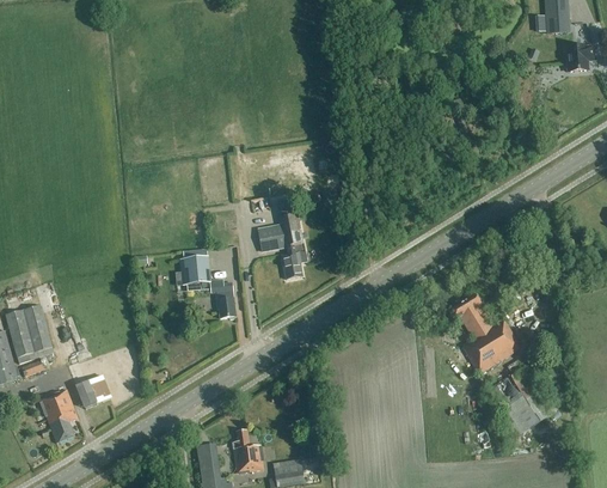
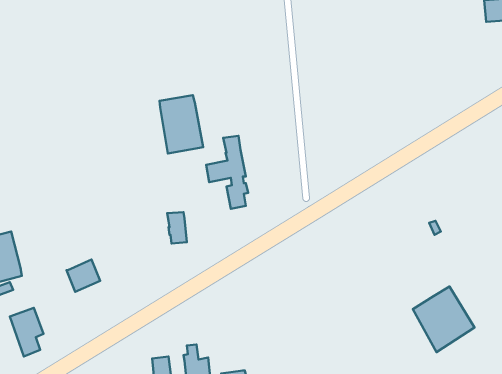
building: none -> [160,95,203,154]
building: [184,250,211,291] -> none
building: [452,294,519,374] -> none
building: [75,374,112,410] -> [67,259,100,292]

